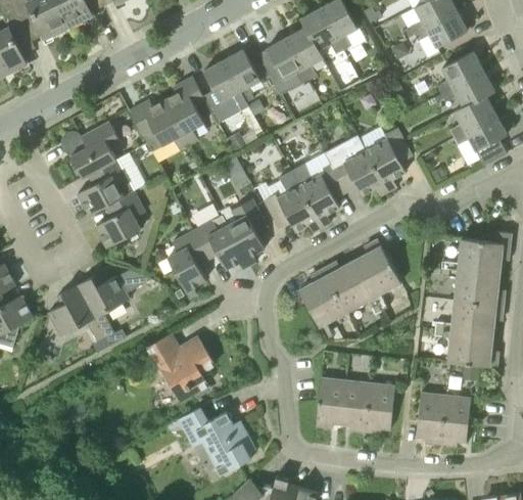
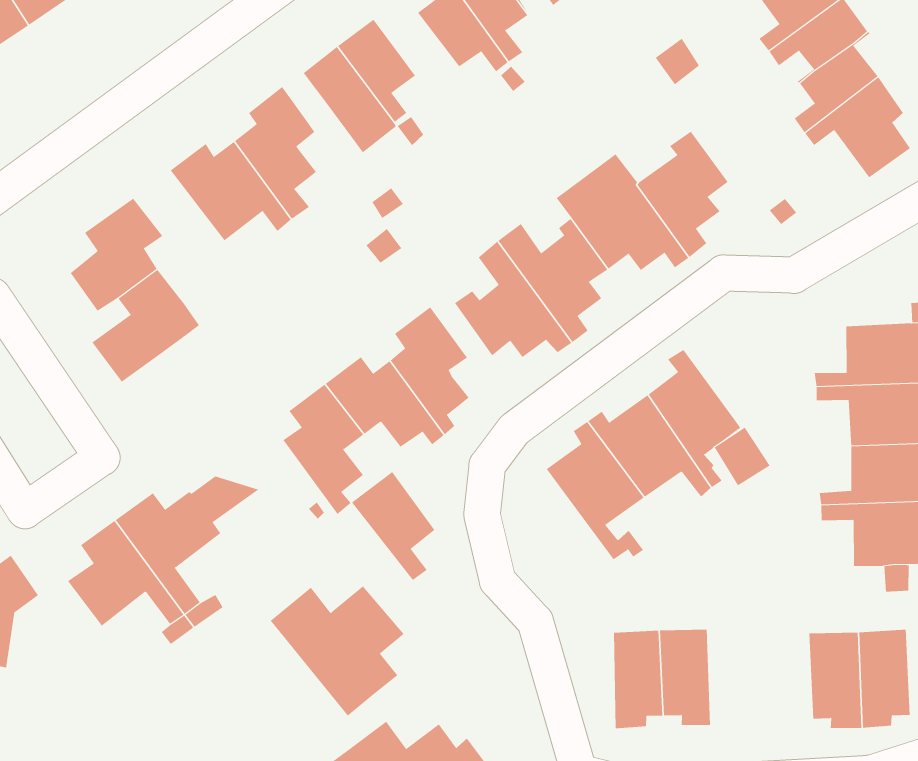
building: [94,191,144,247] -> none
building: none -> [351,471,435,581]
building: [364,382,394,434] -> none

